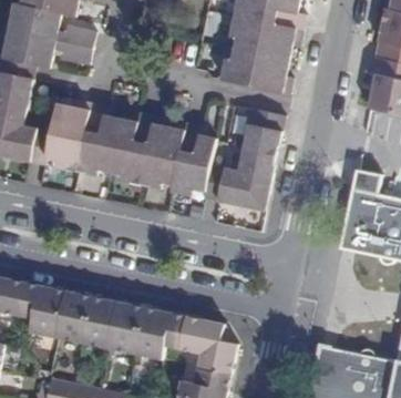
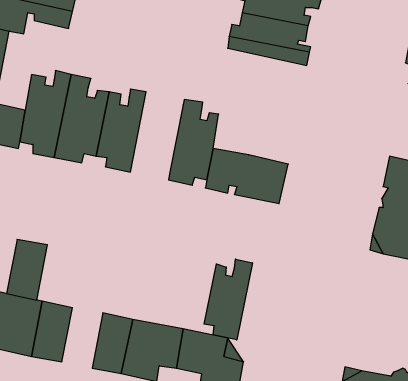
building: [239,108,285,176] -> none
building: [140,115,184,187] -> none
building: none -> [204,259,252,340]
building: [82,297,116,348] -> [7,239,47,300]

